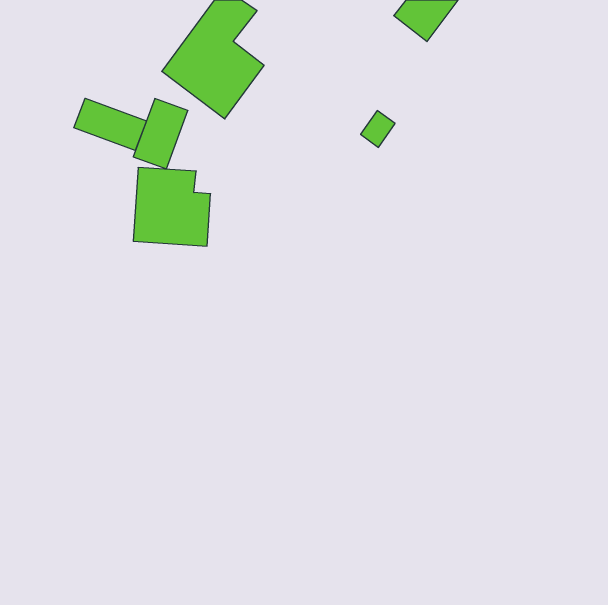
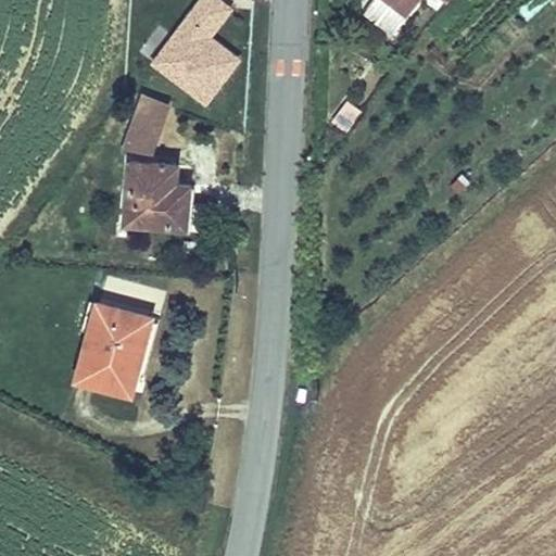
building: [74,98,147,150] -> none
building: none -> [71,296,155,396]

